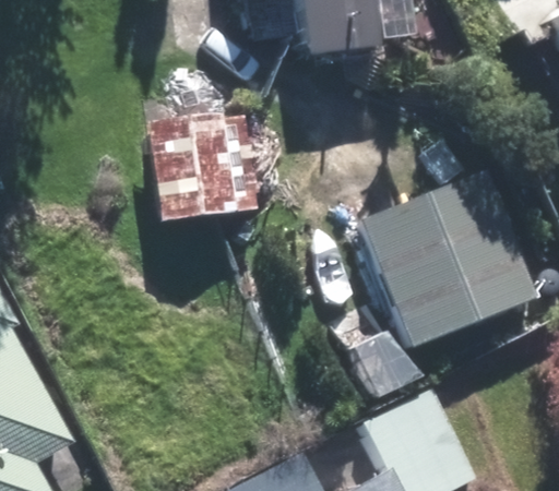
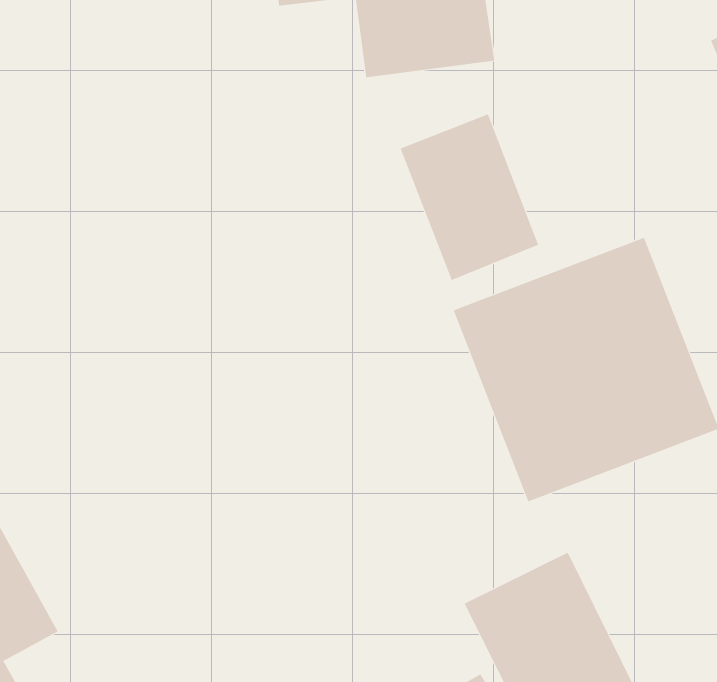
building: none -> [400,114,539,281]
building: [139,111,254,229] -> none

